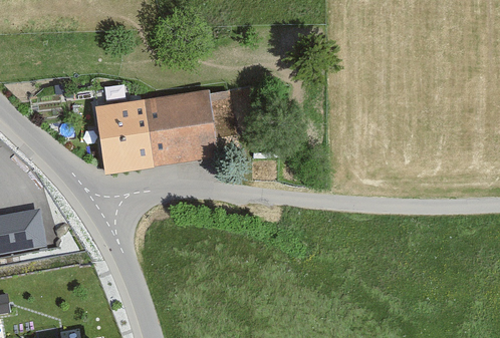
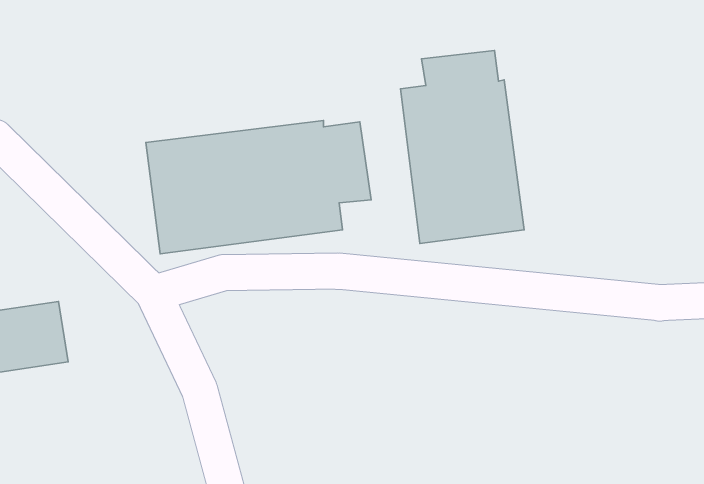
building: none -> [400,50,524,243]

